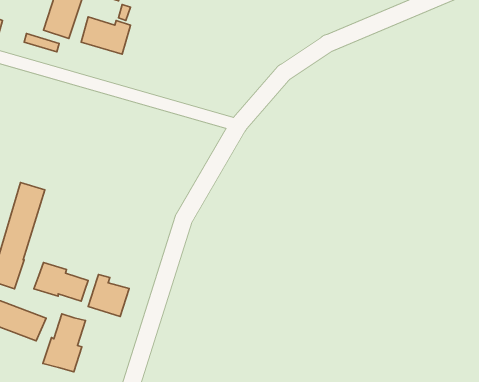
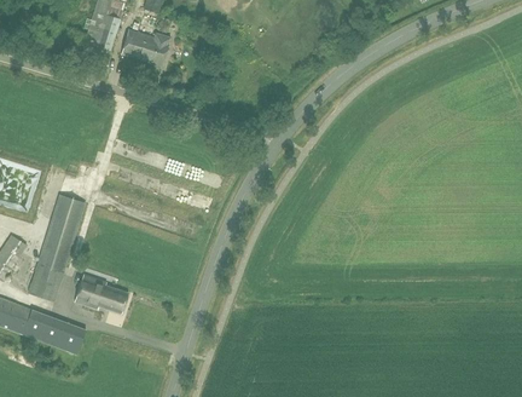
building: [88,274,129,317] -> none
building: [43,314,85,372] -> none

